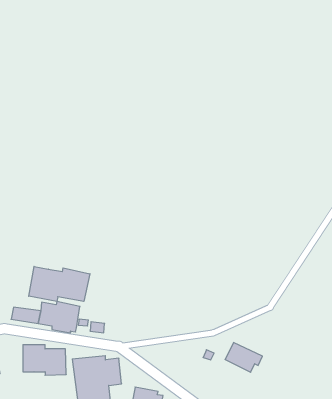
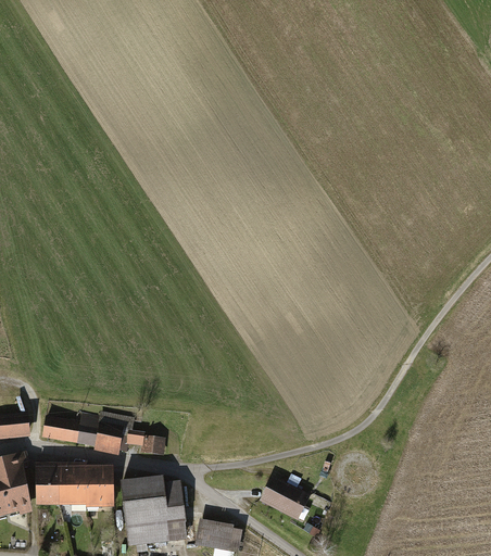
building: [29,266,90,301] -> none
building: [225,343,262,372] -> [262,479,310,517]
building: none -> [37,468,59,503]

